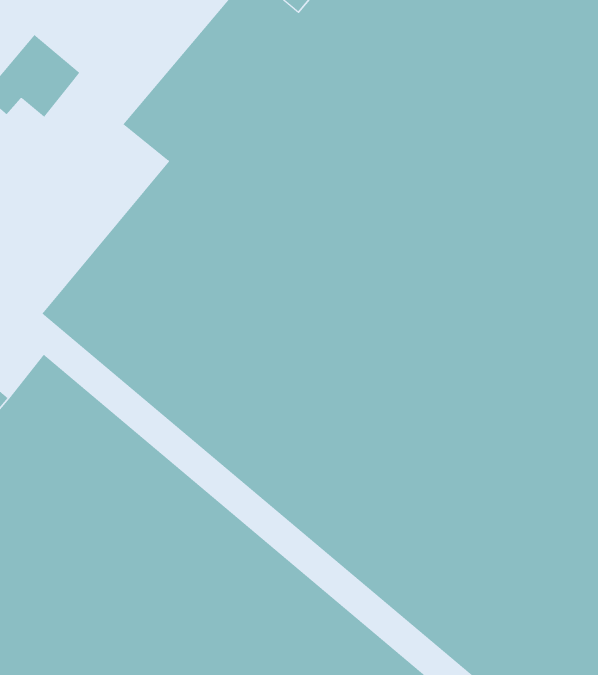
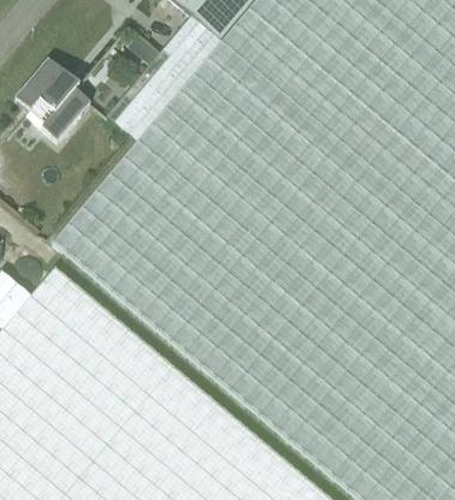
building: none -> [40,94,89,144]

